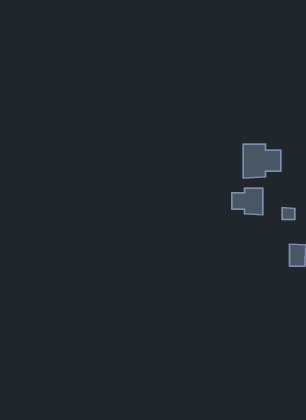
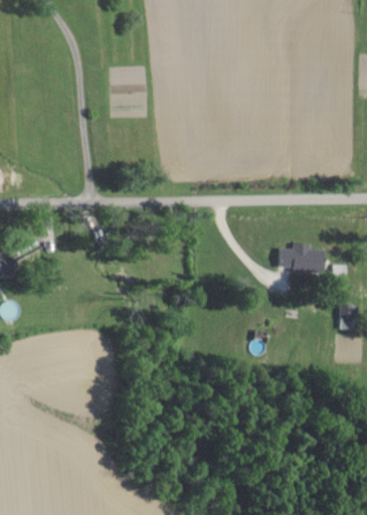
building: [243,144,281,178] -> none

